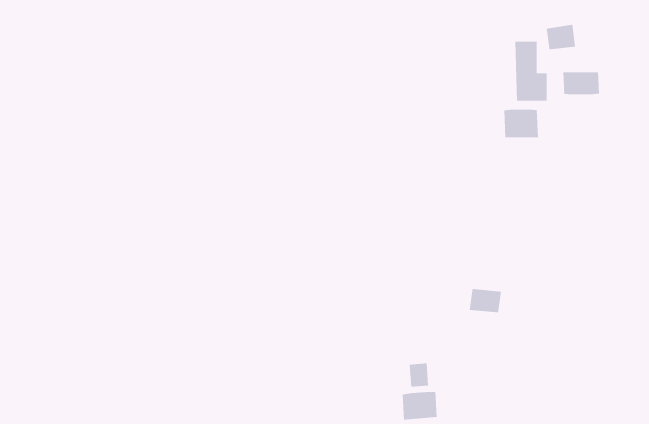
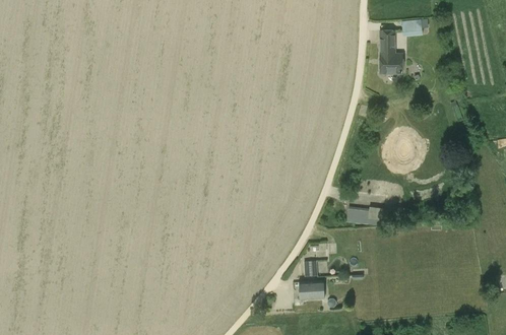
building: [563,71,599,95] -> none
building: [504,109,538,138] -> none

